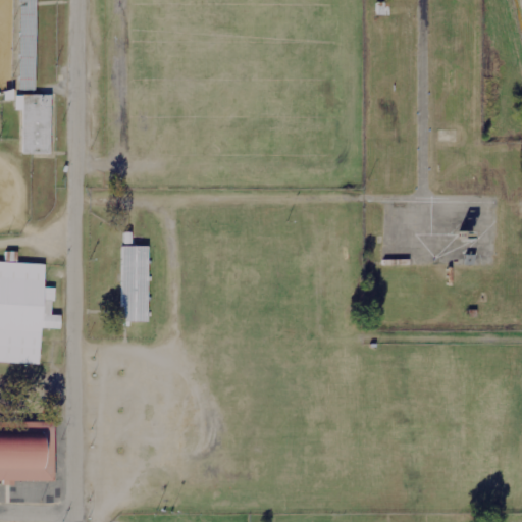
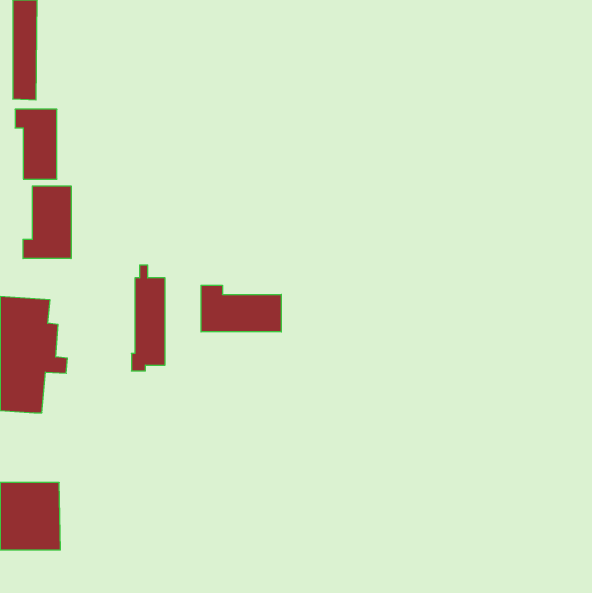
building: none -> [23,186,71,259]
building: none -> [201,285,281,332]

